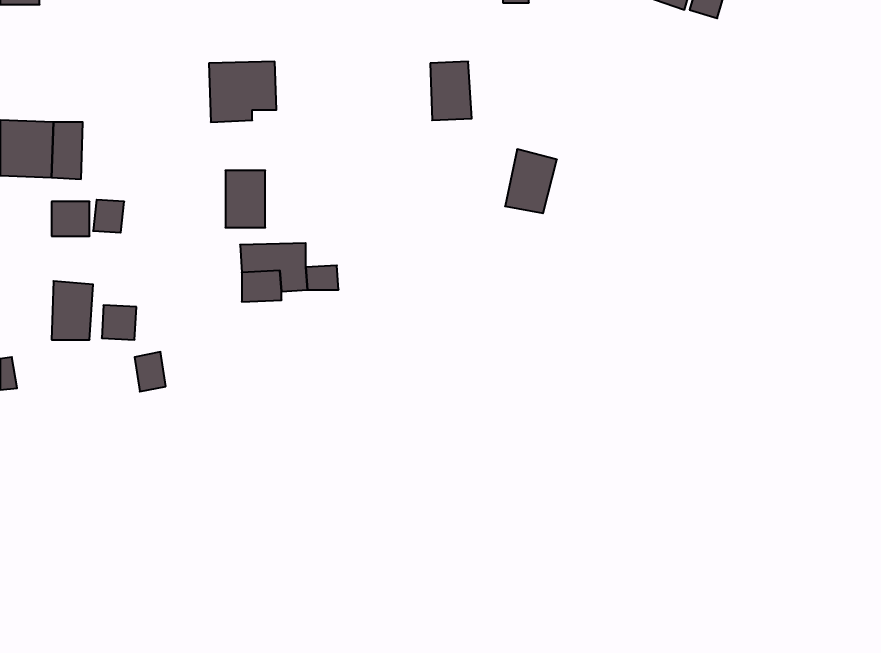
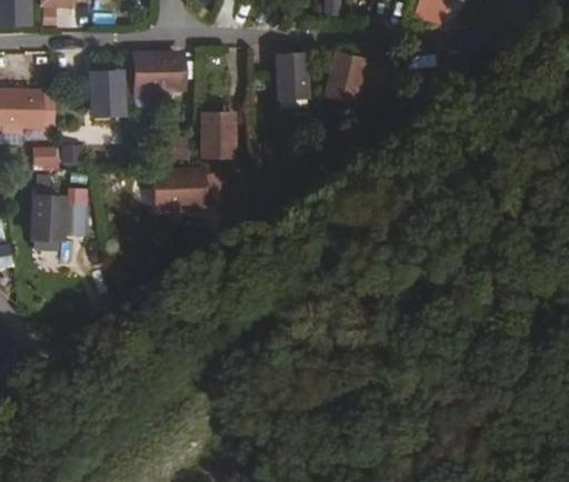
building: none -> [91,72,119,110]
building: [505,149,557,213] -> [327,53,360,94]
building: [225,170,265,228] -> [203,118,229,154]

